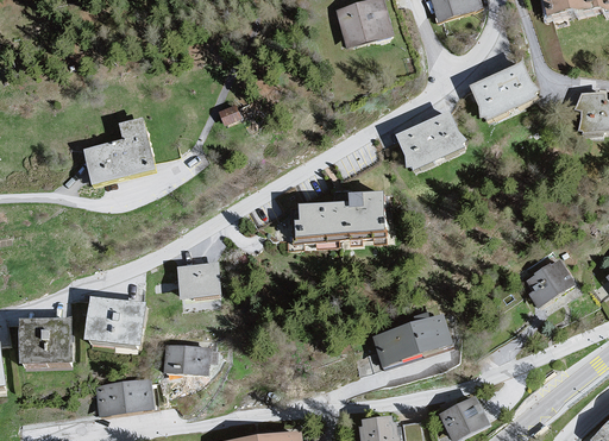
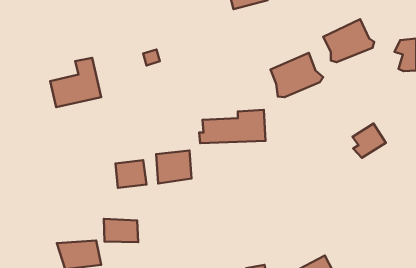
building: none -> [156,150,191,184]
building: [528,260,576,309] -> [352,123,386,158]
building: [86,297,145,347] -> none
building: [371,315,456,370] -> none
building: [20,317,75,365] -> none

